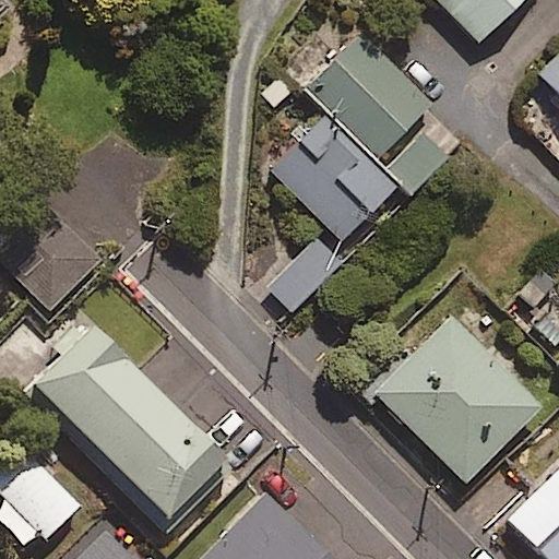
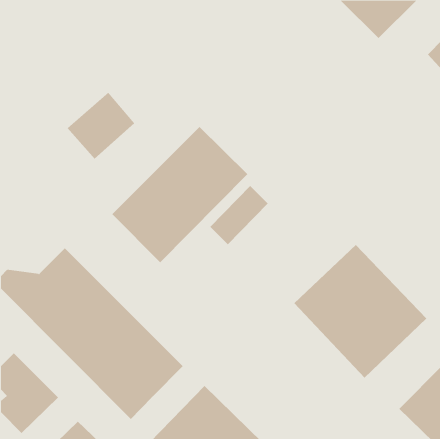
building: [270,35,466,240] -> none
building: none -> [112,126,248,263]
building: [14,224,100,309] -> [67,92,135,159]

